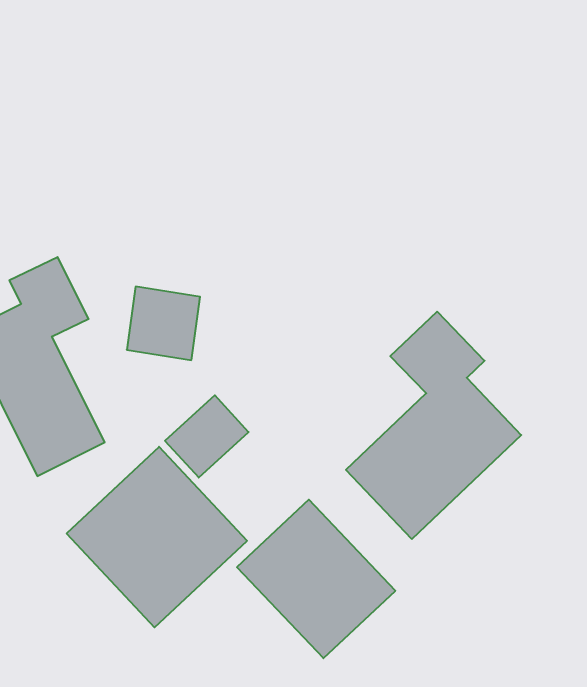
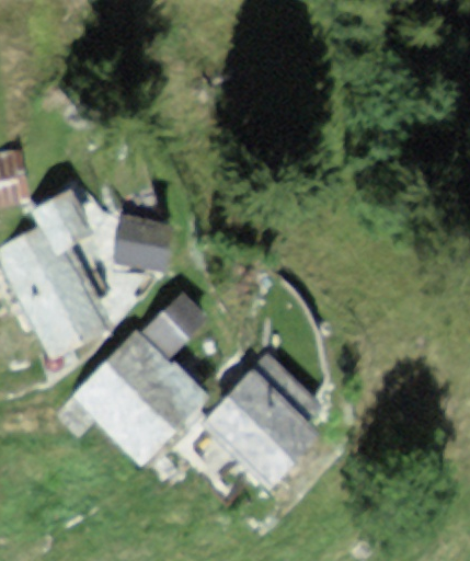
building: [346,312,521,539] -> none

